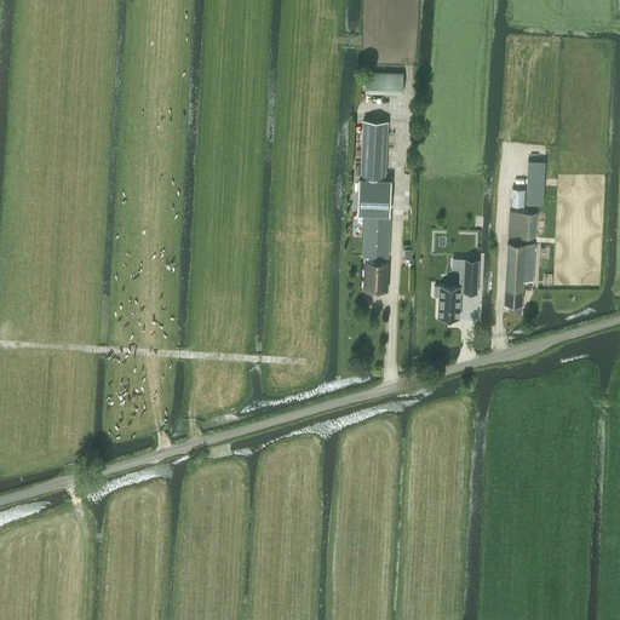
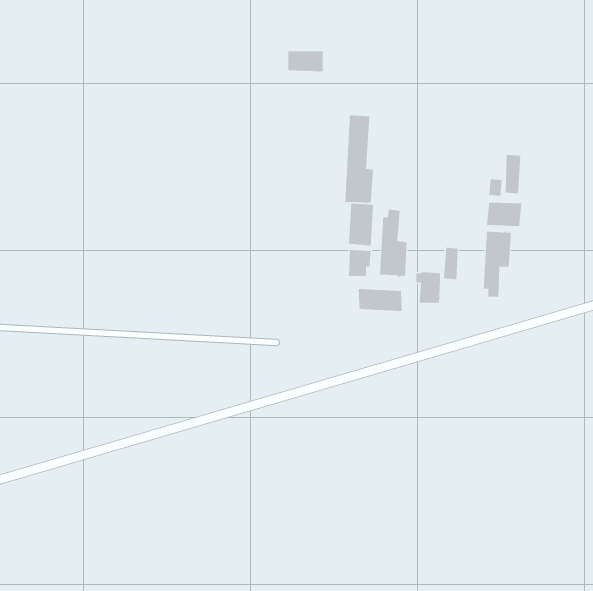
building: [366,73,403,94] -> [287,51,323,72]
building: none -> [380,209,407,277]
building: none -> [358,288,402,312]

